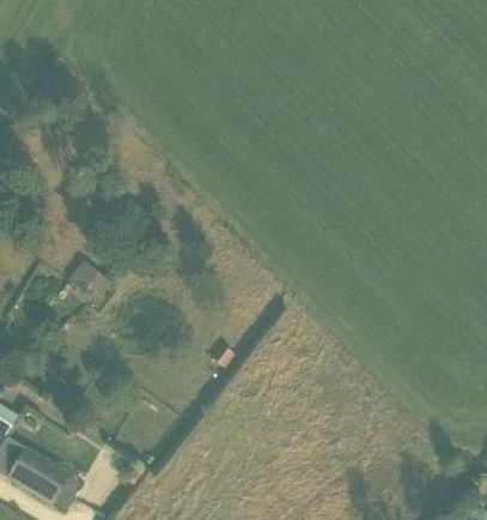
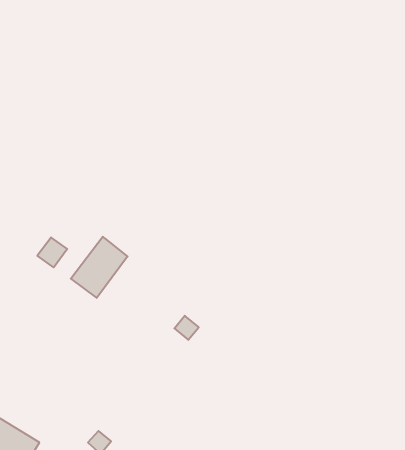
building: none -> [71,237,128,298]

